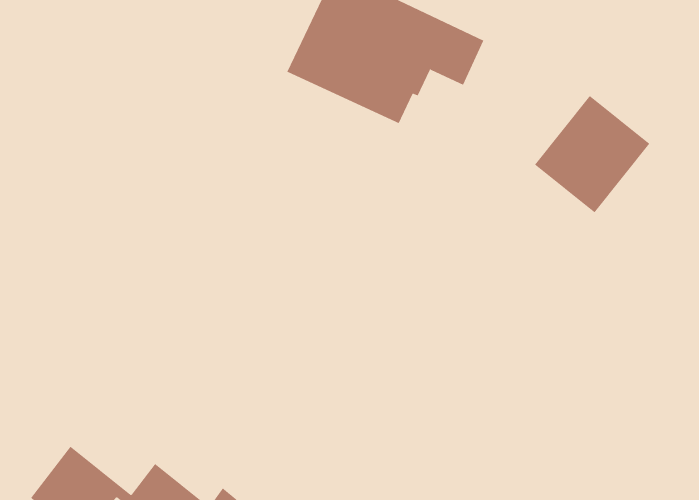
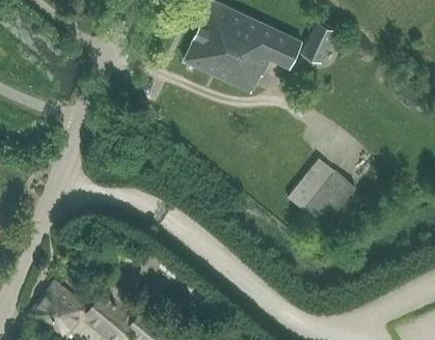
building: none -> [301,23,335,63]
building: [534,95,650,213] -> [283,157,353,227]

